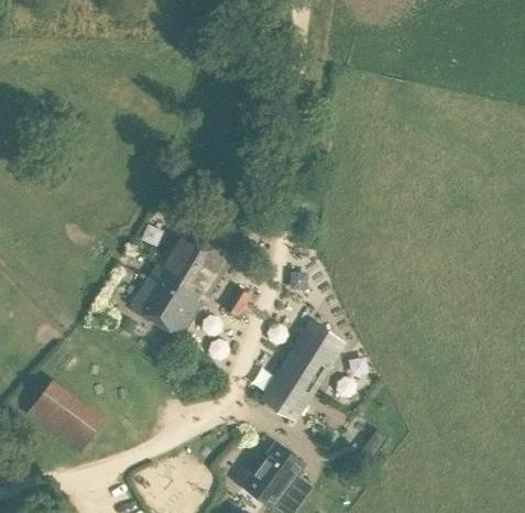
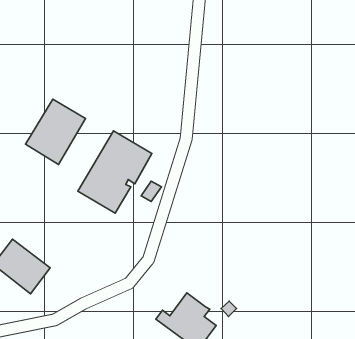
building: none -> [25,99,85,164]
building: [259,329,339,425] -> none

